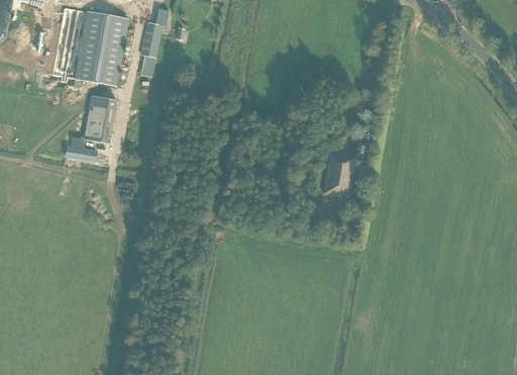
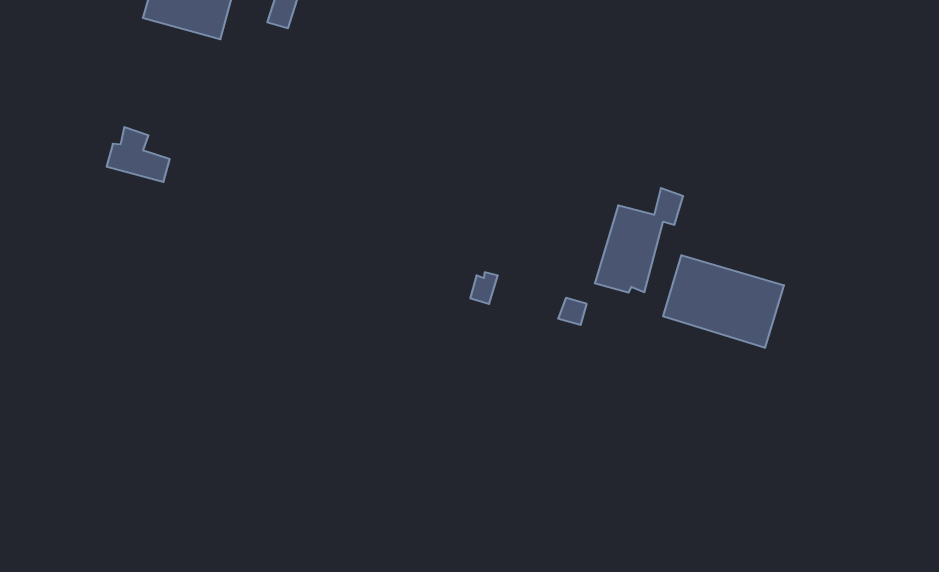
building: [83,95,117,142] -> none
building: none -> [663,255,784,348]

